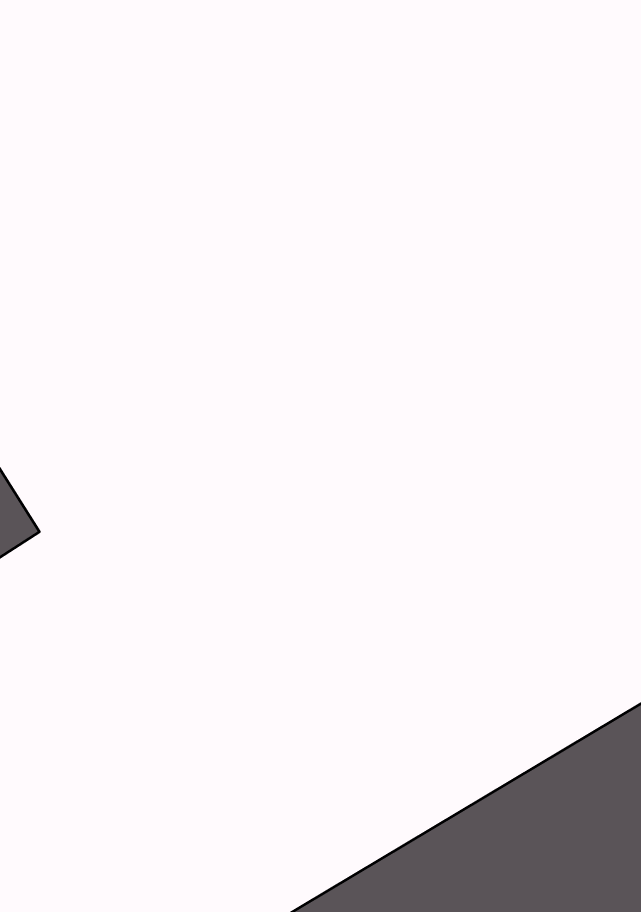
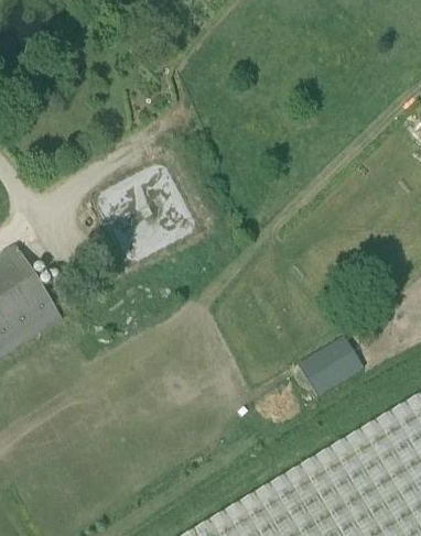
building: none -> [298,340,363,401]

